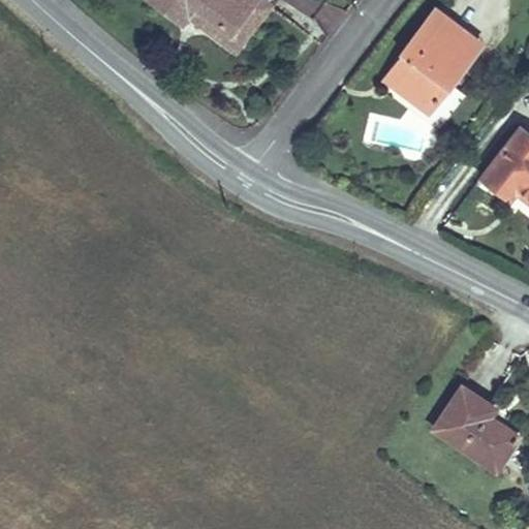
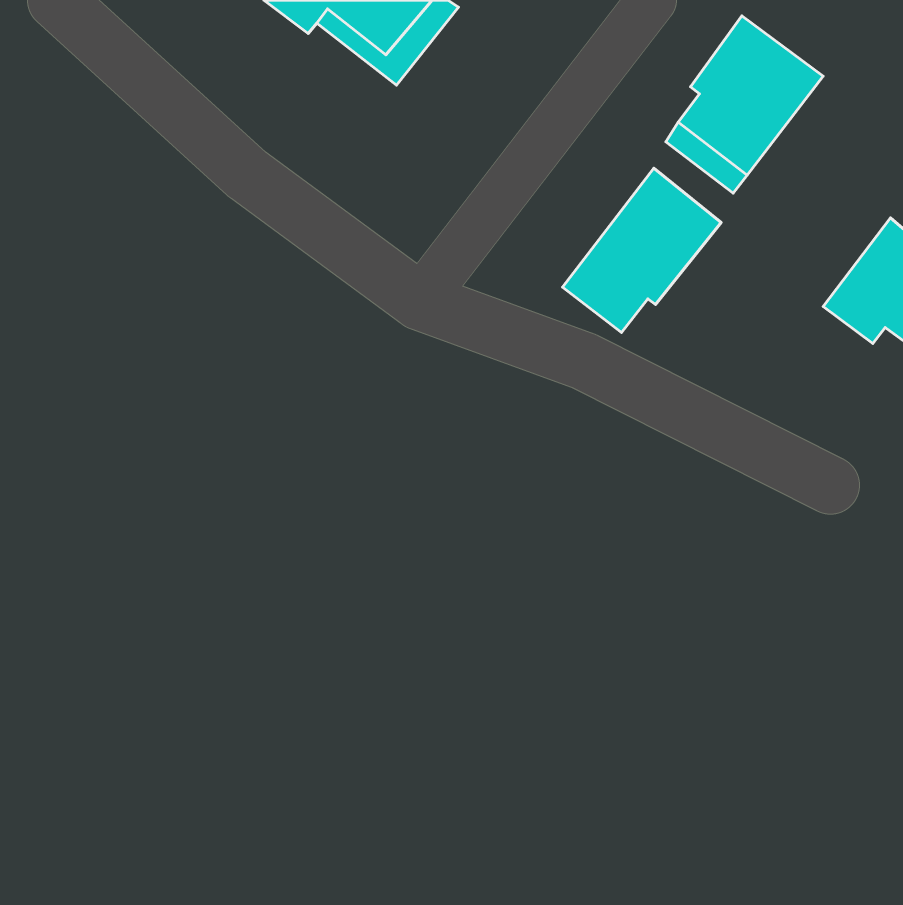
building: none -> [562,168,721,332]
building: [432,386,517,469] -> none

